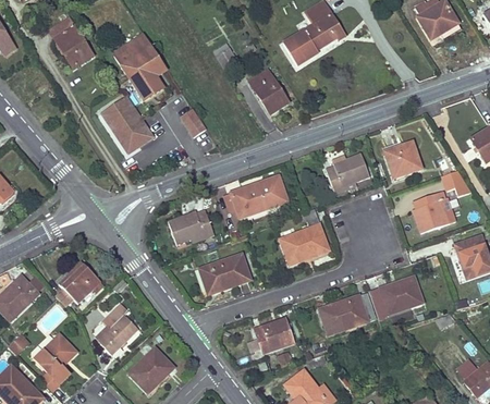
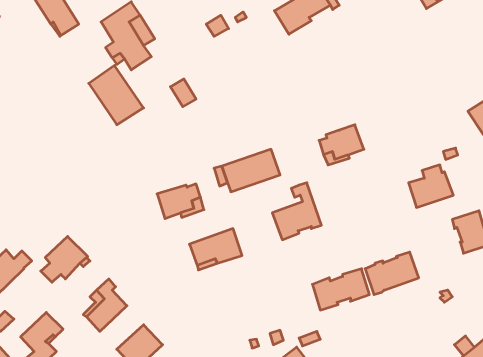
building: [248,69,287,112] -> none
building: [384,142,420,176] -> none
building: [254,317,294,351] -> none

